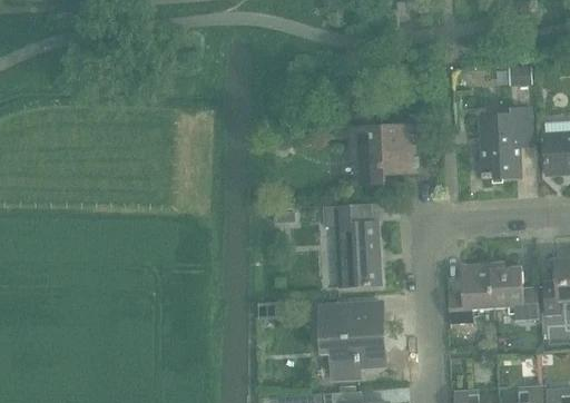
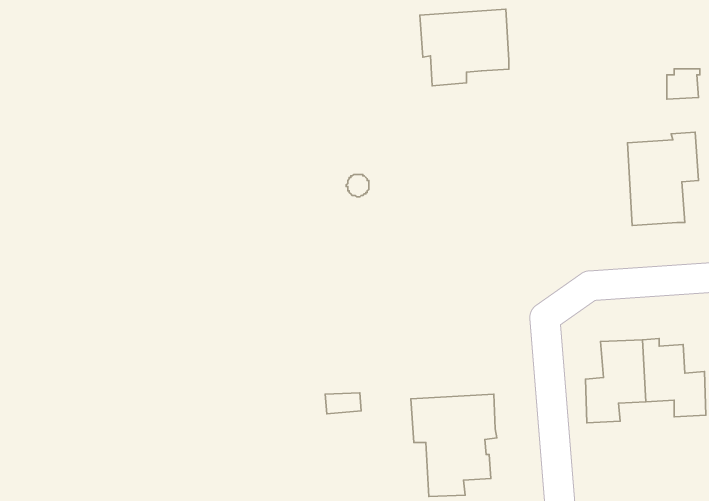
building: [351,126,416,183] -> [420,9,509,86]
building: [324,206,380,287] -> none

